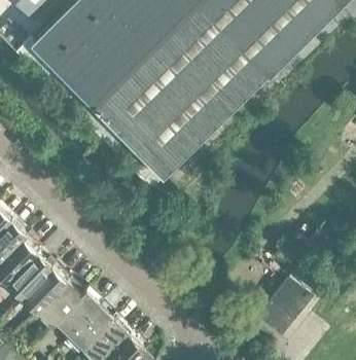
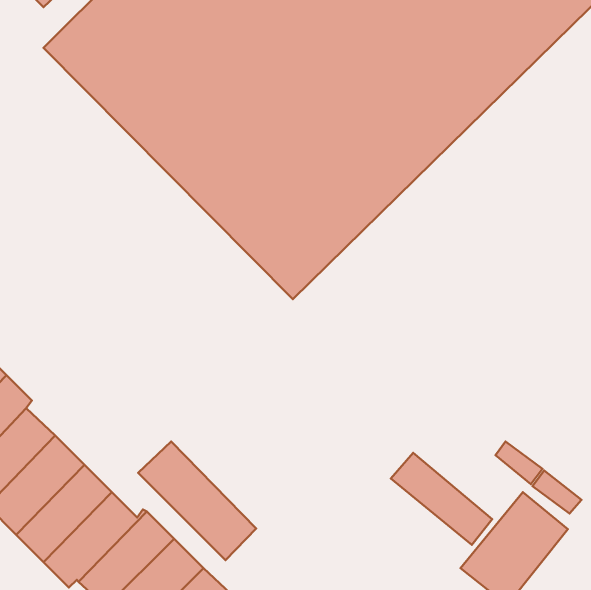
building: none -> [138,441,256,560]
building: none -> [391,453,492,545]

